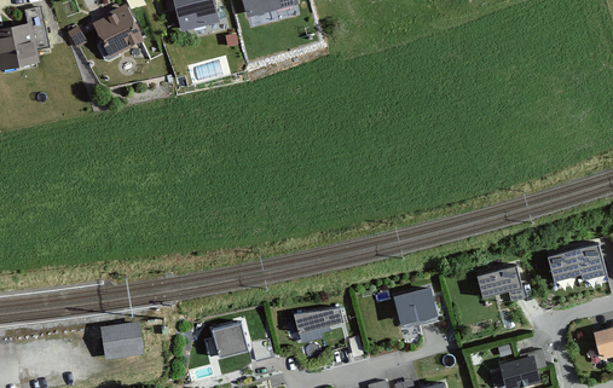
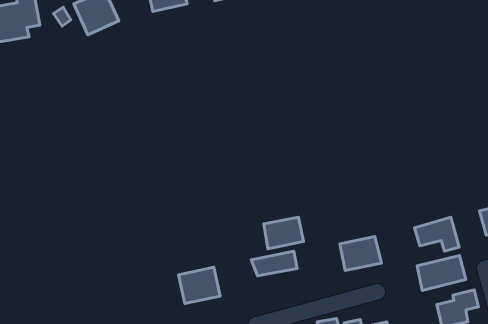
building: none -> [264,217,303,249]
building: none -> [417,255,466,291]
building: [103,323,148,361] -> none

